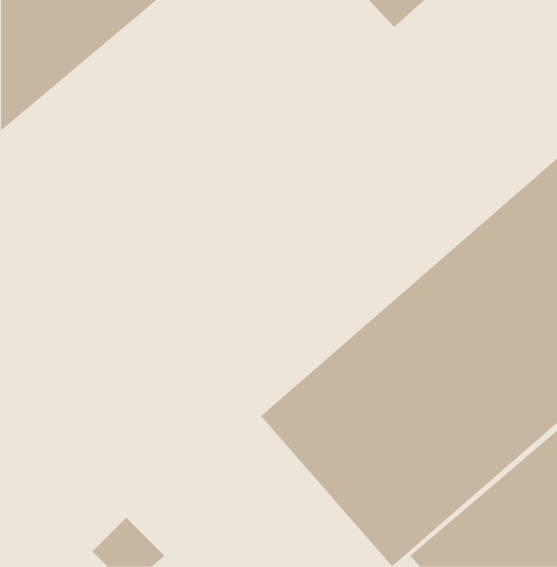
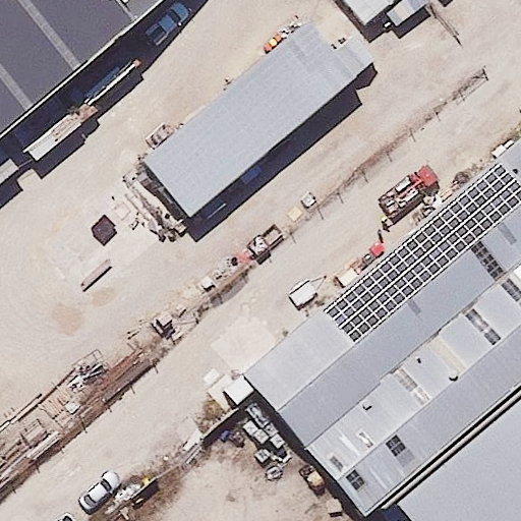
building: none -> [139,17,353,218]

